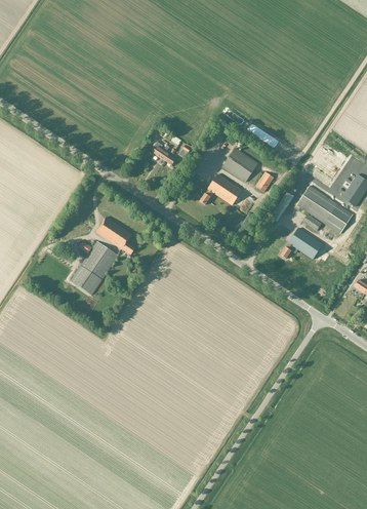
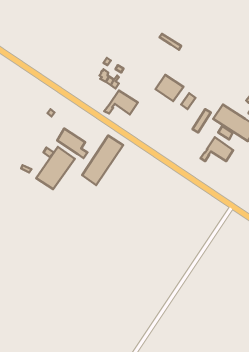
building: [199,174,242,205] -> [104,90,138,114]
building: none -> [82,136,123,185]

